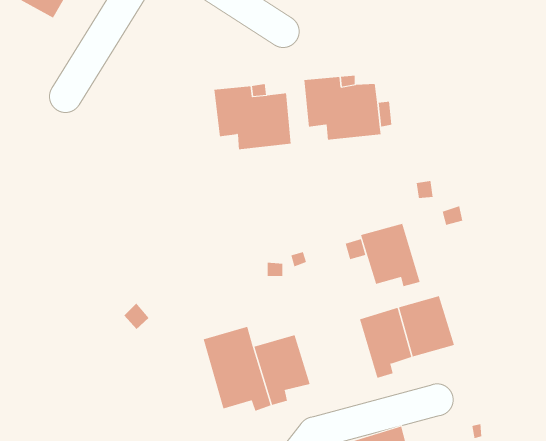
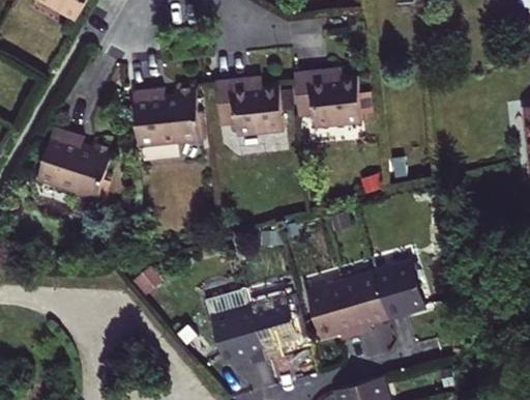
building: none -> [131,87,200,145]
building: none -> [35,128,111,202]
building: [360,223,421,287] -> [304,283,357,339]

